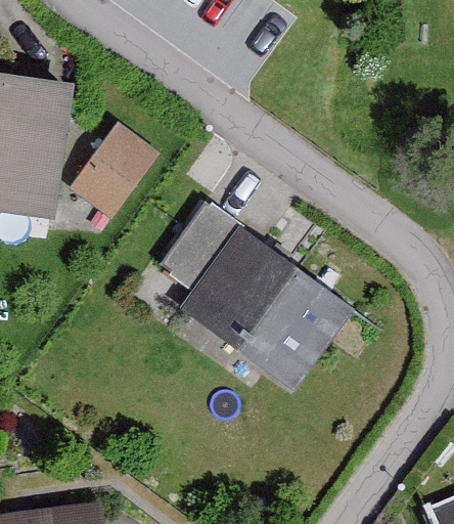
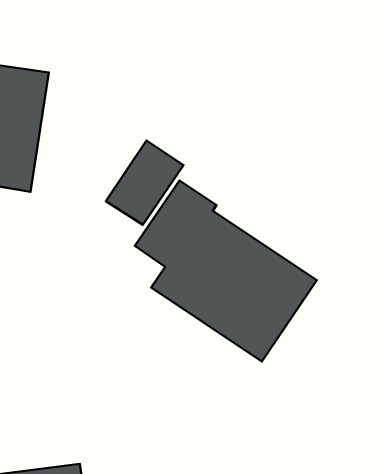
building: [71,125,154,216] -> [106,141,184,225]

